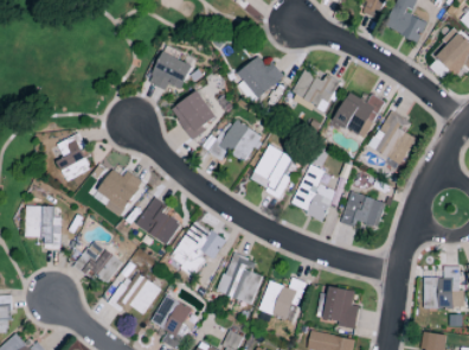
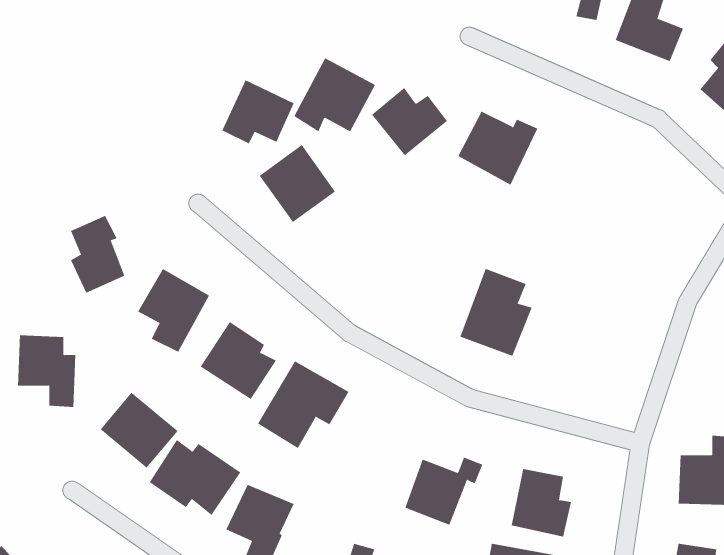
building: [333,91,385,139] -> none
building: [370,109,417,164] -> none
building: [212,117,262,163] -> [293,57,376,132]
building: [249,144,294,197] -> none
building: [341,191,386,227] -> none
building: [219,253,262,304] -> none

